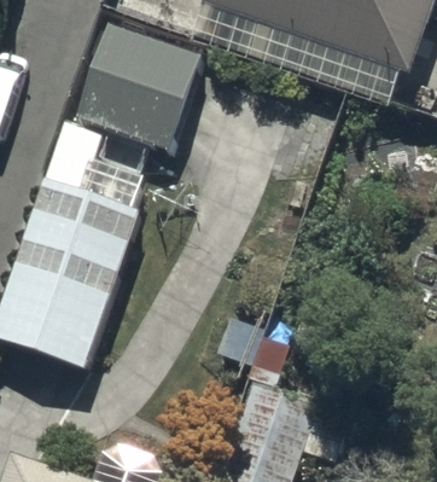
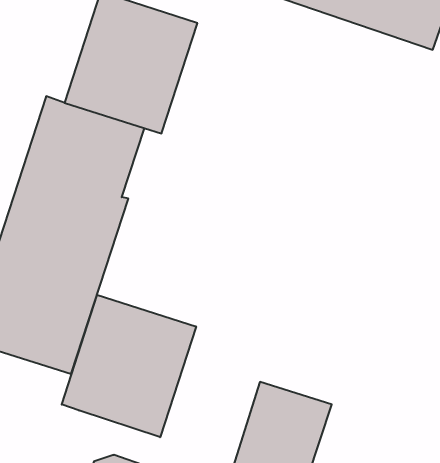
building: none -> [62,295,196,437]

